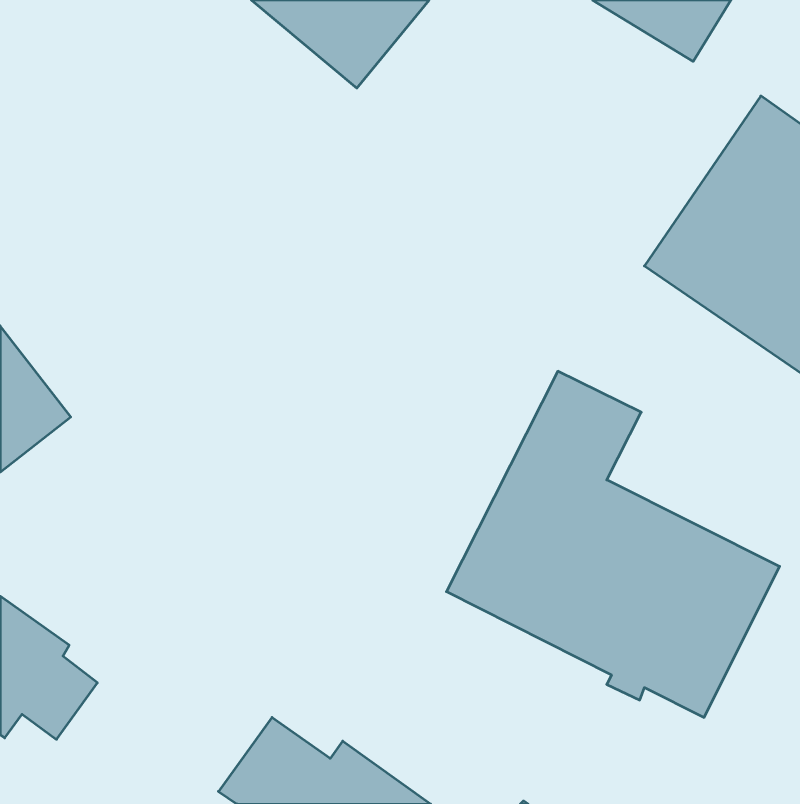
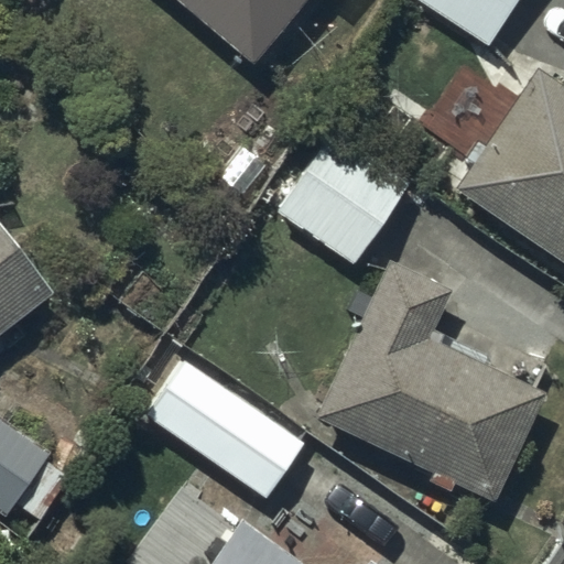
building: none -> [276,127,410,262]
building: none -> [147,361,303,498]

